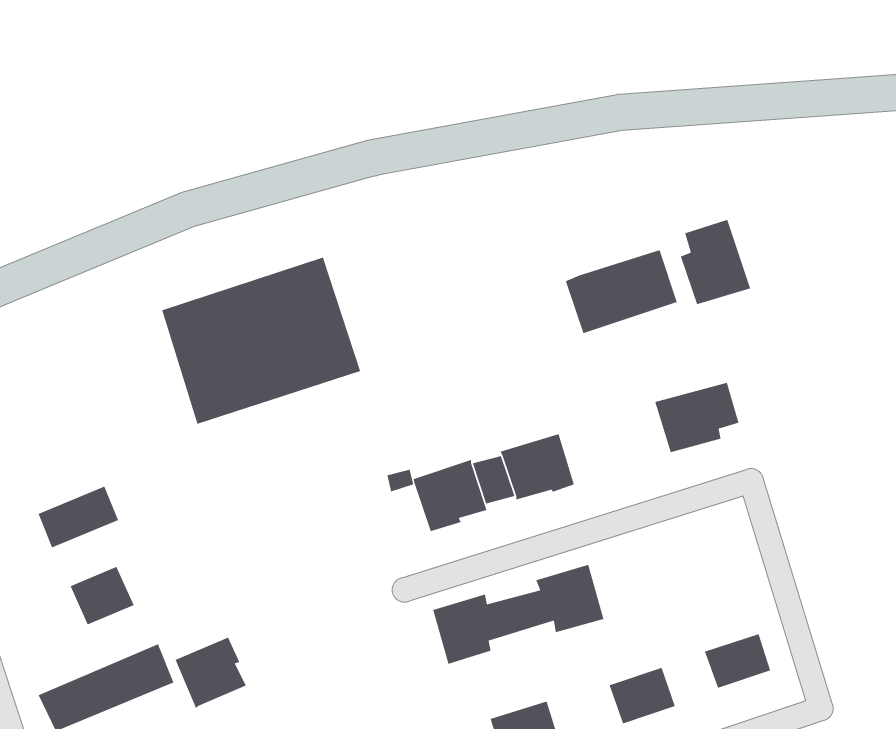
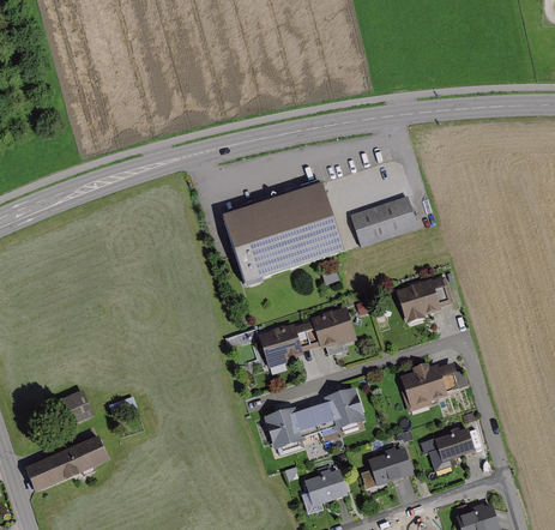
building: [680,219,751,305] -> none
building: [161,256,361,425] -> [219,183,340,285]
building: [37,485,119,548] -> none
building: none -> [403,361,463,406]
building: [174,636,247,709] -> none

